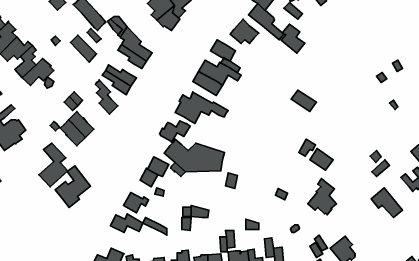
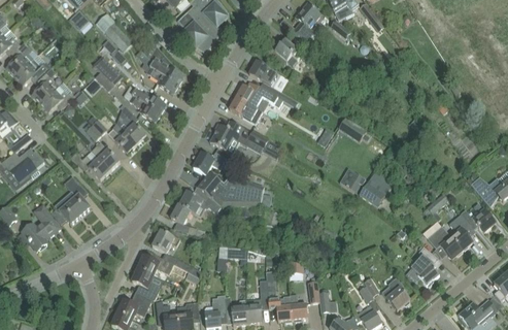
building: [281,24,305,53] -> none
building: none -> [107,122,136,153]
building: [55,166,90,208] -> [21,204,60,251]
building: none -> [448,213,472,250]
building: [308,179,336,215] -> [407,245,439,286]
building: none -> [131,267,160,299]

